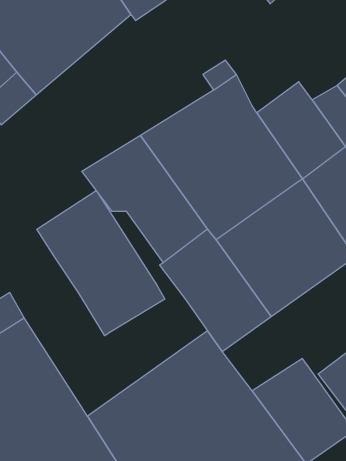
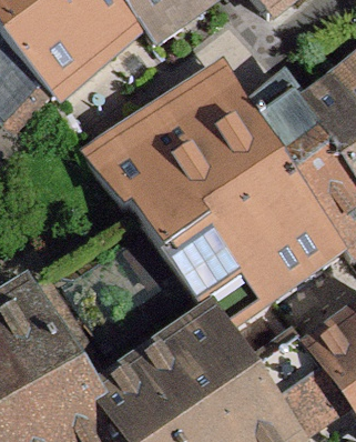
building: [37,191,165,336] -> none

